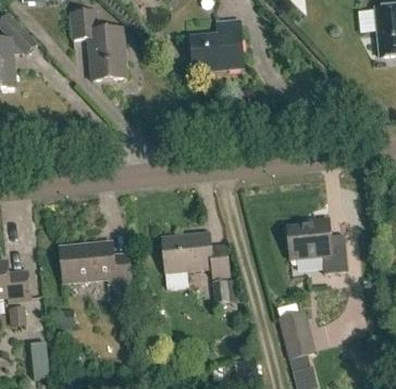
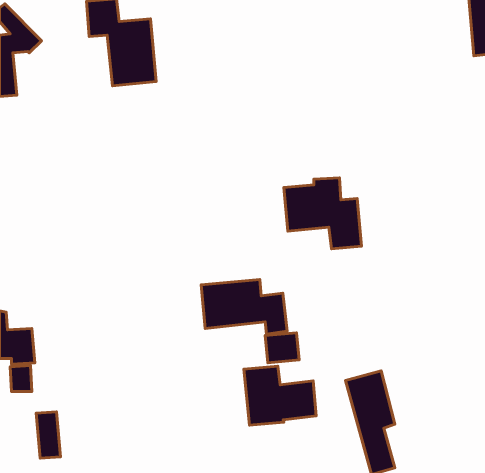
building: [190,18,243,71] -> none
building: [286,215,348,272] -> [284,178,361,249]
building: [59,243,131,283] -> none
building: none -> [244,366,316,425]

